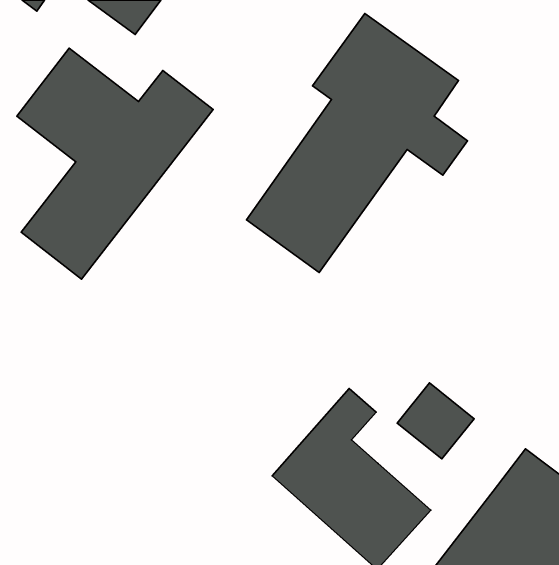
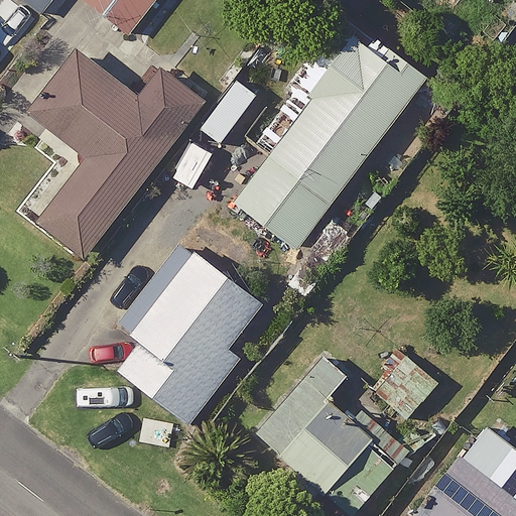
building: none -> [116,240,262,424]

